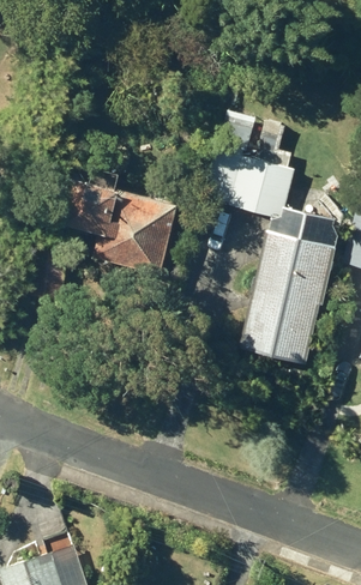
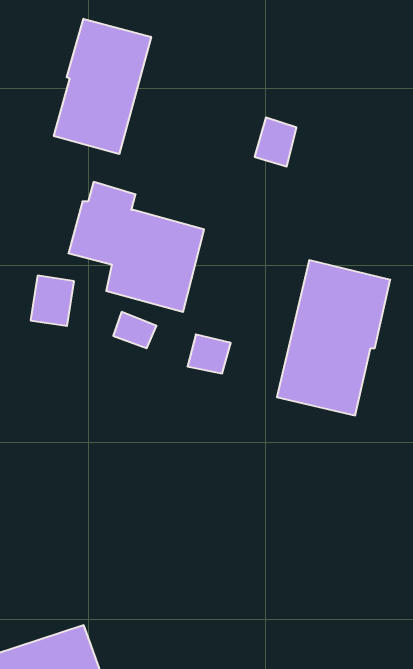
building: none -> [54,19,151,154]
building: [227,151,295,216] -> none

